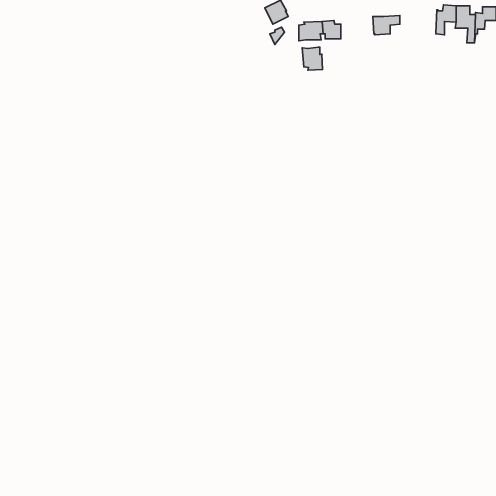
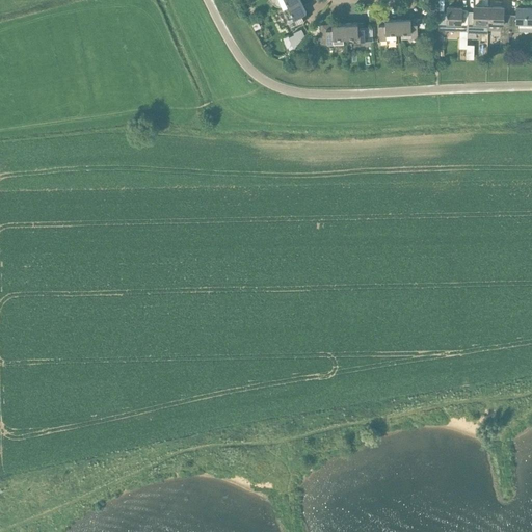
building: none -> [438,7,468,35]
building: none -> [379,18,400,38]
building: [302,47,322,70] -> none

